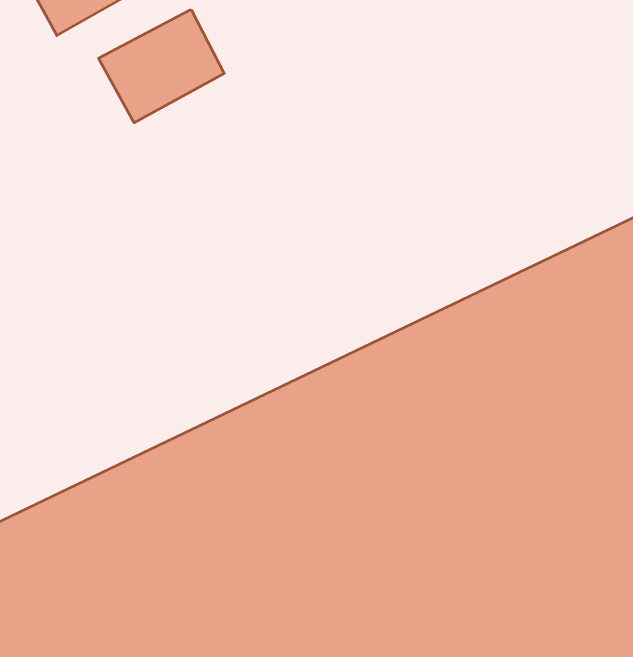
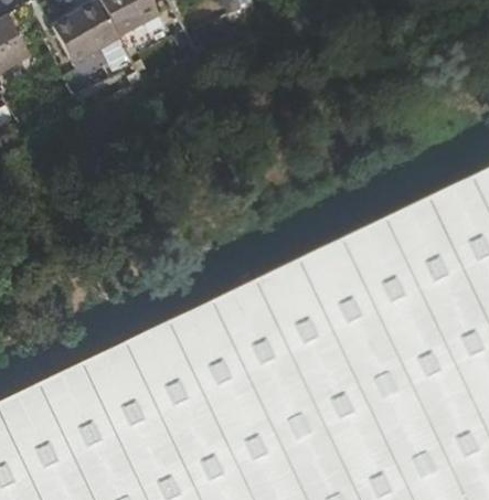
building: [99,10,224,123] -> none

